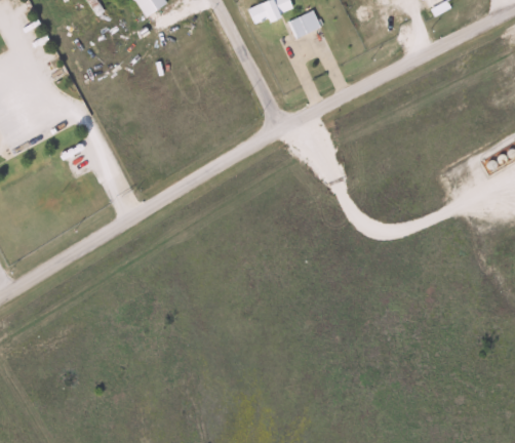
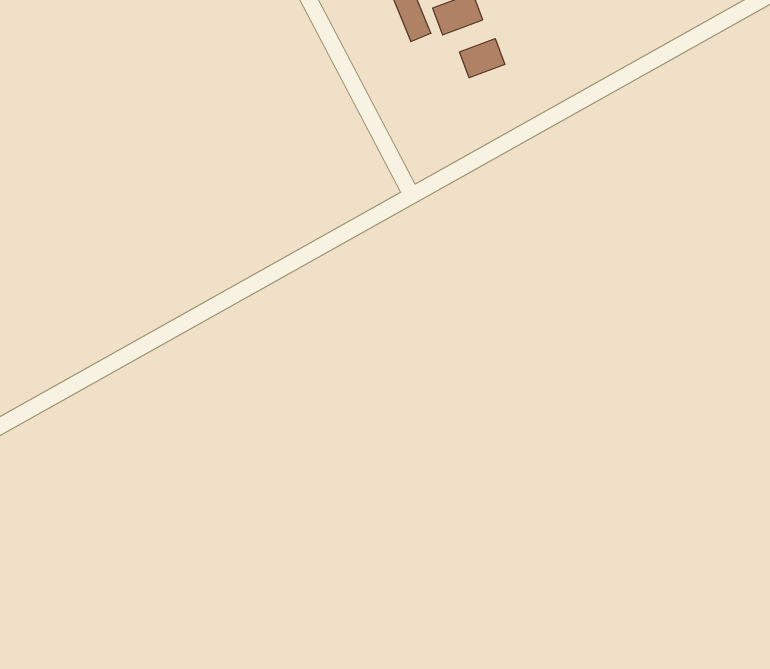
building: none -> [460,39,505,78]

